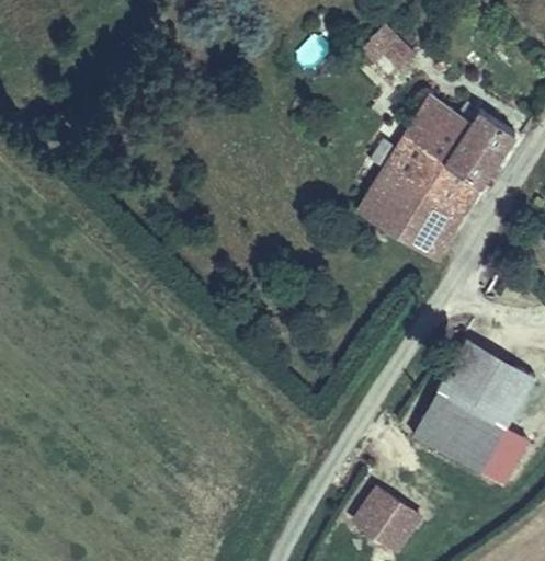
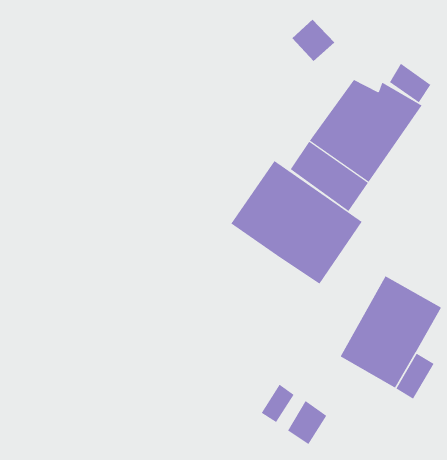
building: none -> [389,63,431,103]
building: none -> [230,160,363,285]
building: [377,505,418,552] -> [261,384,295,423]

